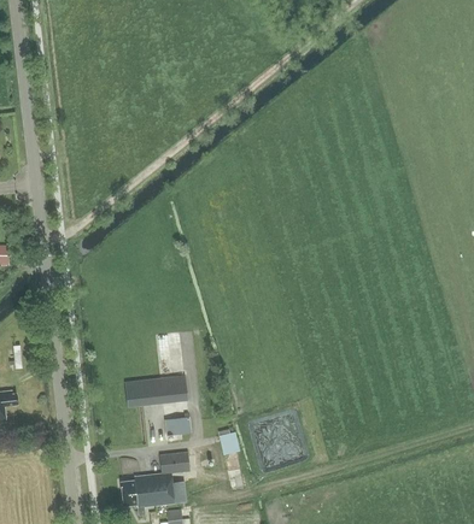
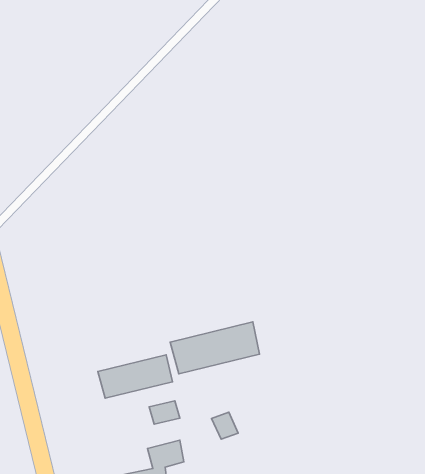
building: none -> [170,322,260,374]

